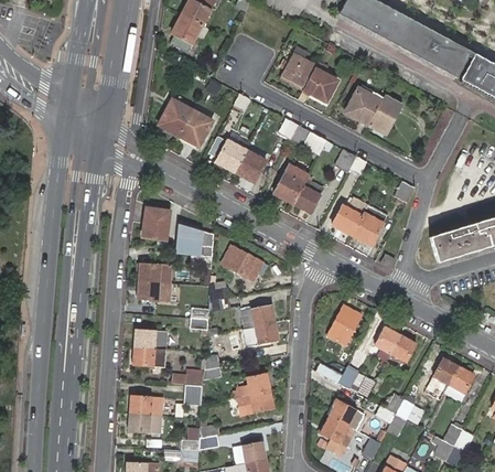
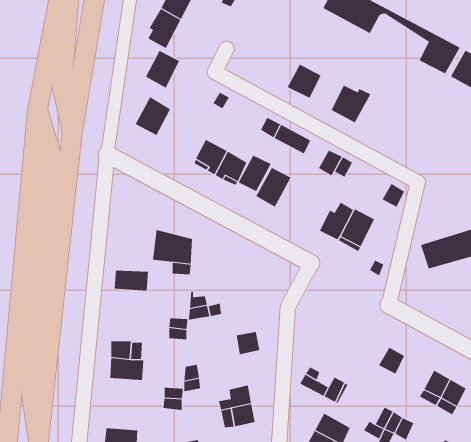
building: [383,19,438,63] -> none
building: [279,50,316,88] -> none
building: [368,94,401,132] -> none
building: [180,109,213,146] -> [145,50,180,89]
building: [292,176,324,212] -> [238,155,271,192]
building: [142,203,169,239] -> none
building: [222,244,262,280] -> none
building: [138,280,171,301] -> none
building: [243,303,275,326] -> none
building: [327,304,362,344] -> none
building: [375,326,400,362] -> none
building: [131,395,163,415] -> none

